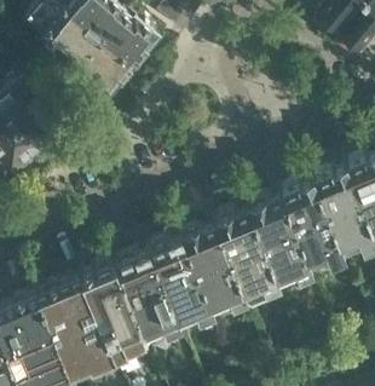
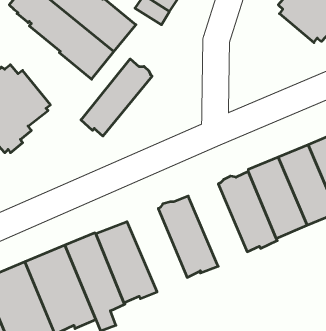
building: none -> [81,59,152,136]
building: [217,213,282,300] -> none
building: [150,240,215,328] -> none

